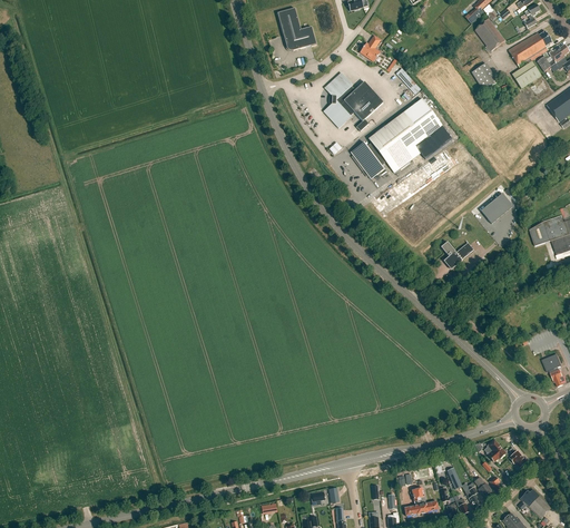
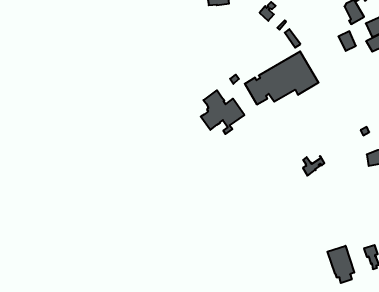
building: [323,72,383,131] -> [201,90,244,134]
building: [481,194,513,224] -> none
building: none -> [327,246,354,283]

